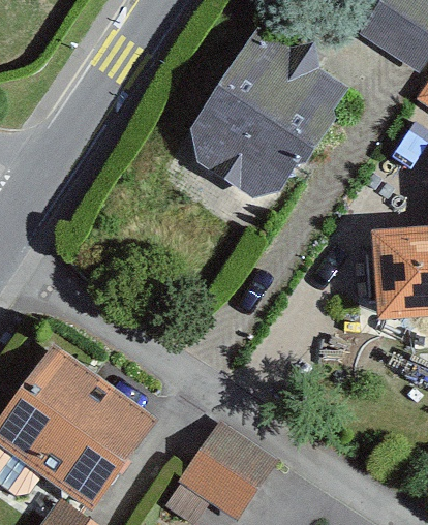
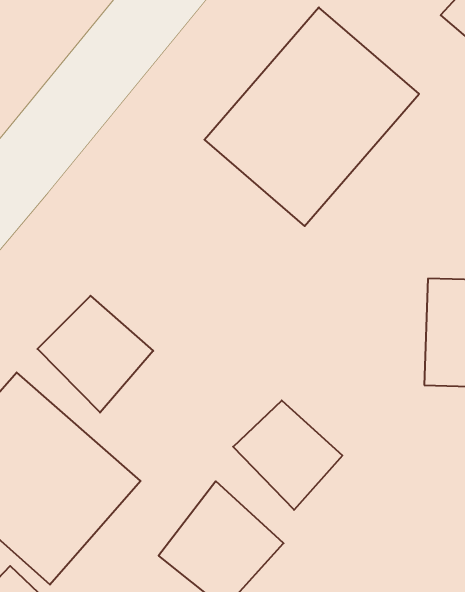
building: none -> [37,296,153,413]
building: none -> [233,400,342,510]

